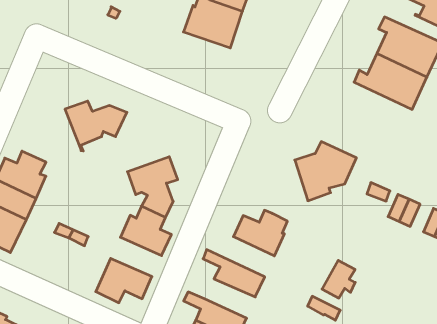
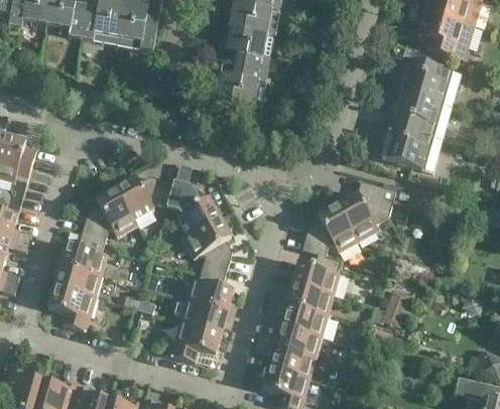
building: none -> [379,120,438,170]
building: none -> [81,187,136,240]
building: none -> [166,181,220,237]
building: none -> [301,201,356,255]
building: none -> [268,282,333,315]
building: none -> [179,299,227,331]
building: none -> [257,324,321,357]

